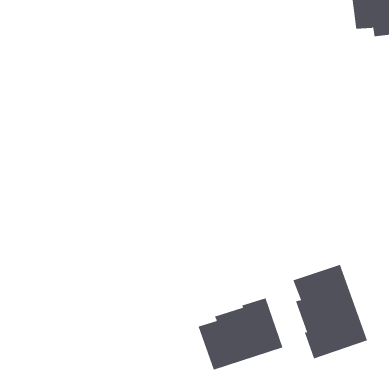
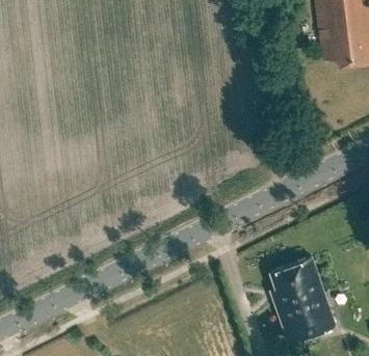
building: [198,297,283,371] -> none

